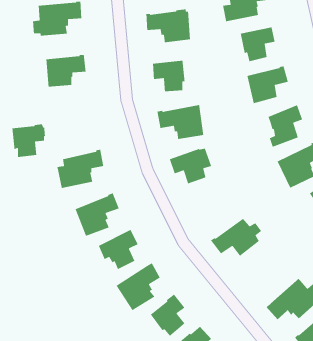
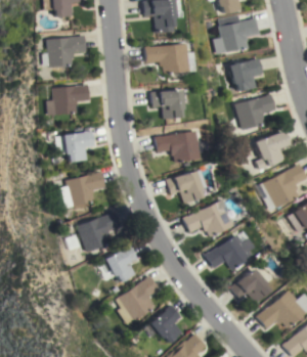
building: [12,123,46,158] -> [64,130,96,162]
building: none -> [182,199,231,236]
building: none -> [229,269,268,303]

